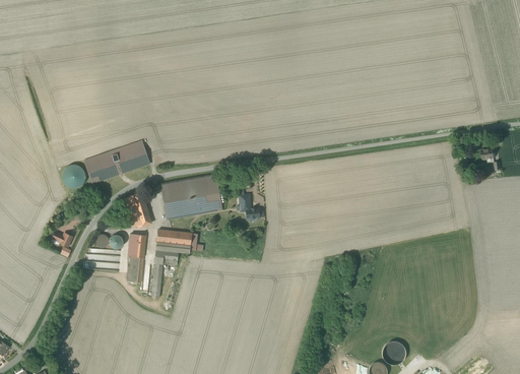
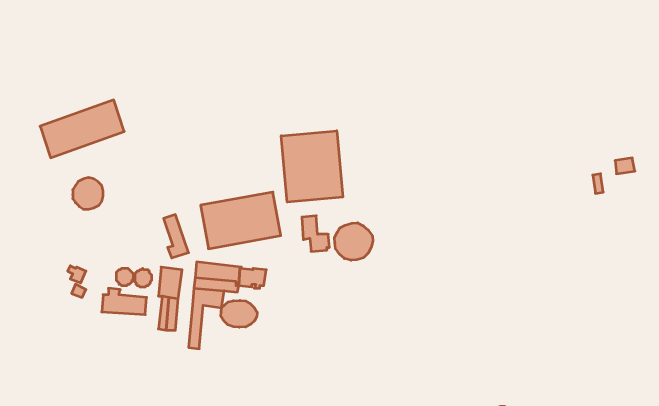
building: none -> [281,131,343,202]
building: [84,139,149,184] -> [40,100,124,158]
building: none -> [334,223,373,260]
building: none -> [221,300,257,327]

